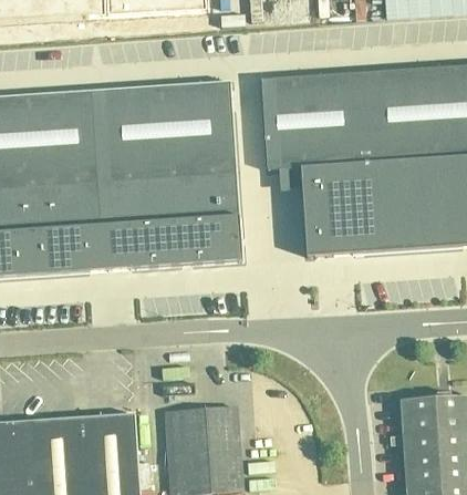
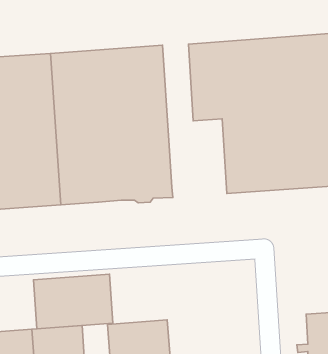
building: none -> [33,274,113,329]

